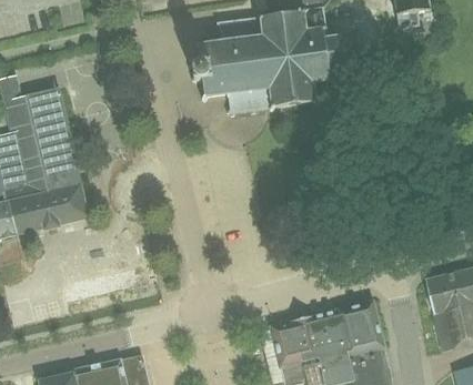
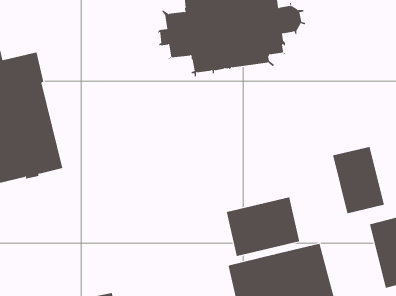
building: none -> [332,146,385,214]
building: none -> [226,196,300,257]

